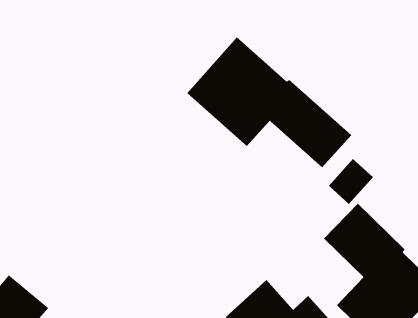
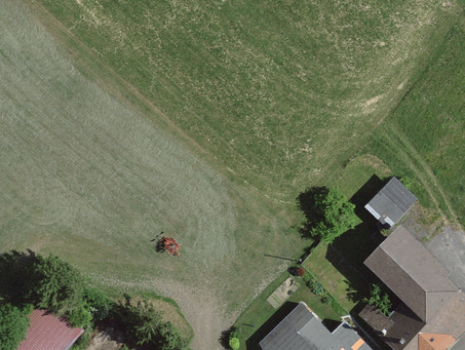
building: [187,36,352,168] -> none

